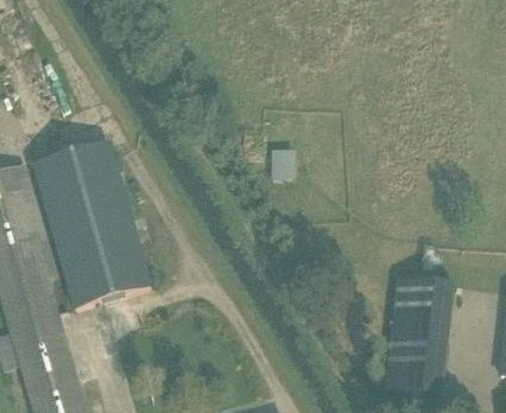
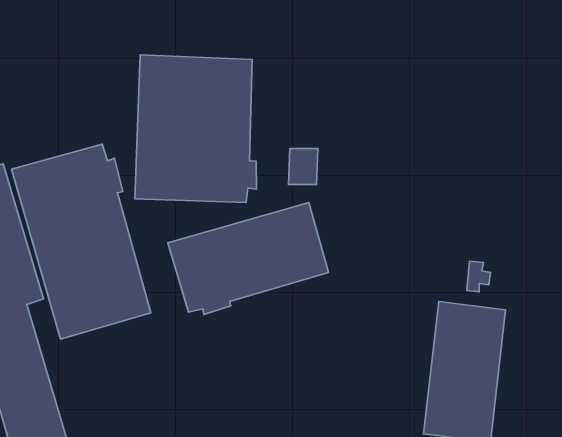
building: none -> [135,55,257,203]
building: none -> [168,202,328,314]

